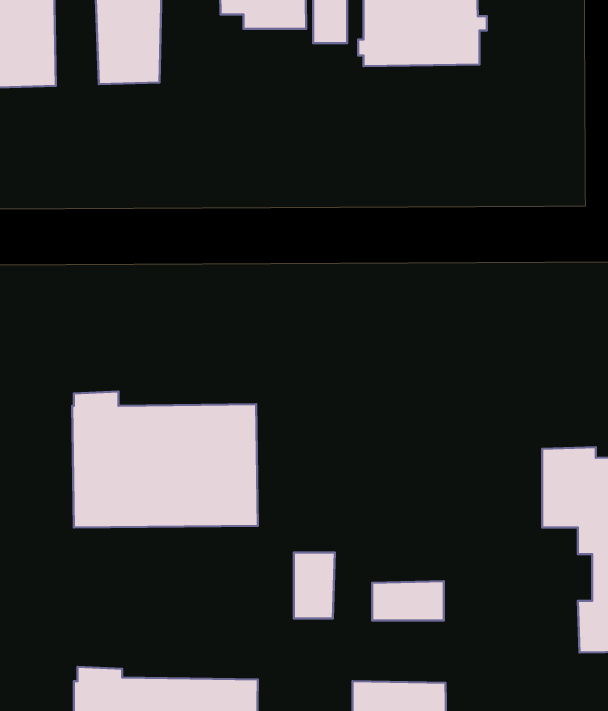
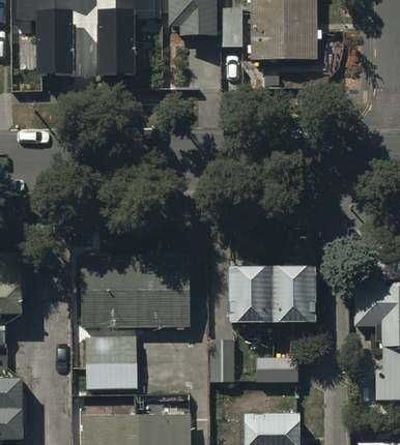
building: none -> [230,270,316,326]
building: none -> [86,336,136,389]

